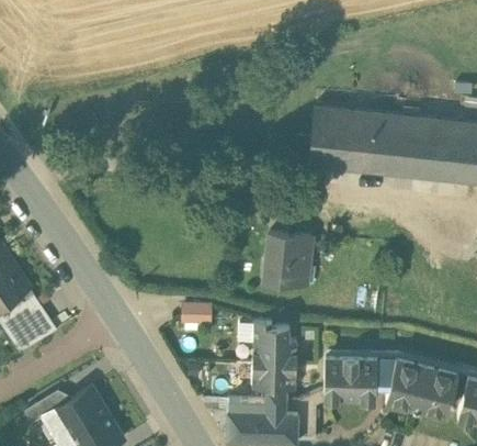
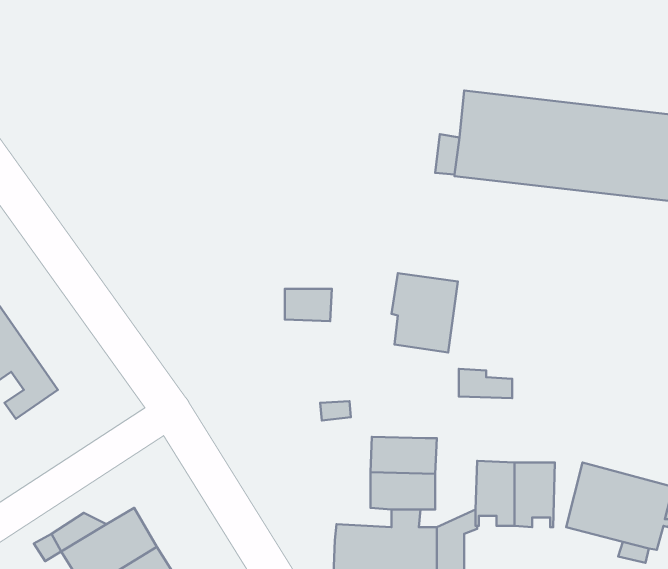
building: [184,301,216,323] -> [285,289,332,321]
building: [12,308,57,349] -> none
building: [253,321,289,341] -> [459,369,512,398]

